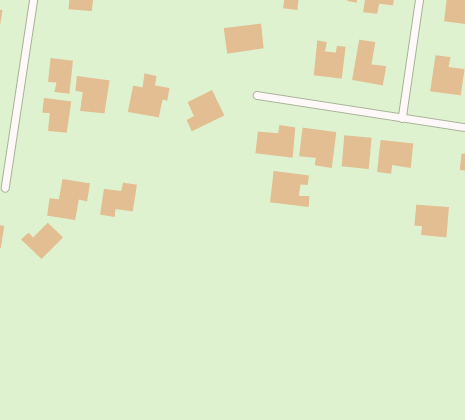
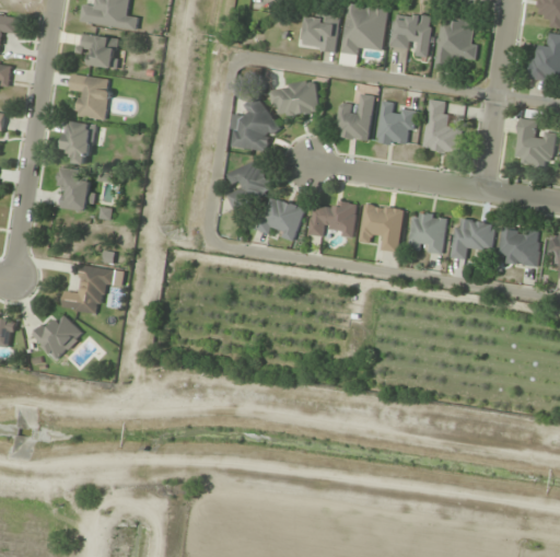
building: none -> [335,93,374,140]
building: [127,73,171,118] -> [228,98,279,152]
building: [74,75,111,114] -> [70,73,113,119]
building: none -> [257,195,304,241]
building: [269,170,310,208] -> none
building: [99,182,138,218] -> none
building: [414,204,450,238] -> [499,225,541,266]

